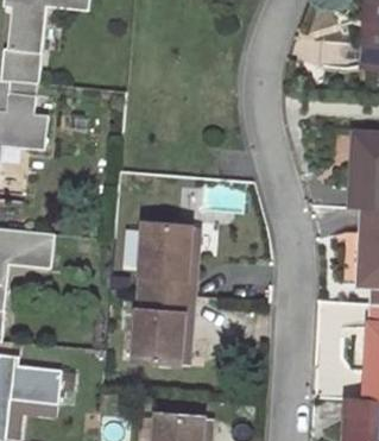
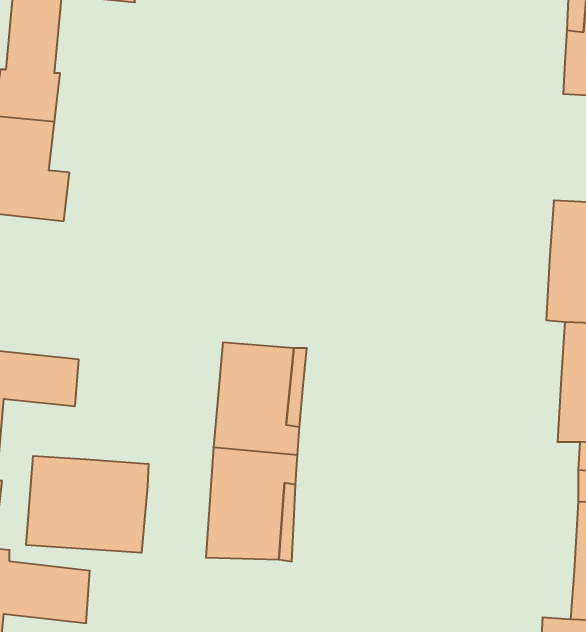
building: none -> [26,456,148,553]

